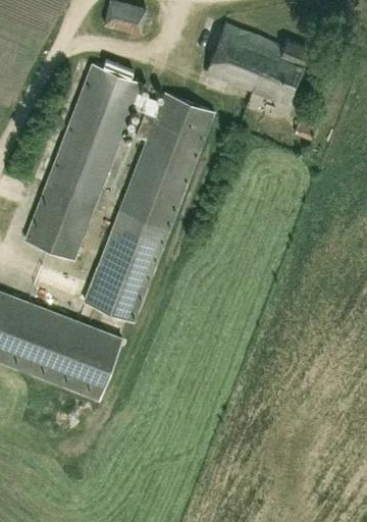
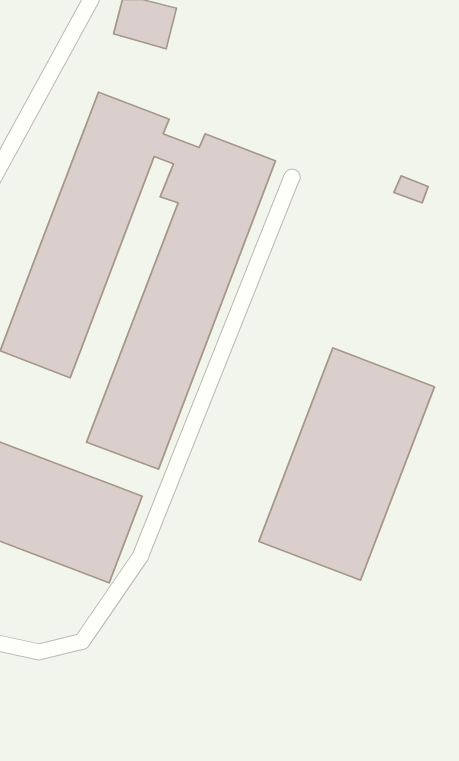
building: [205,23,312,106] -> none
building: none -> [259,348,434,580]

